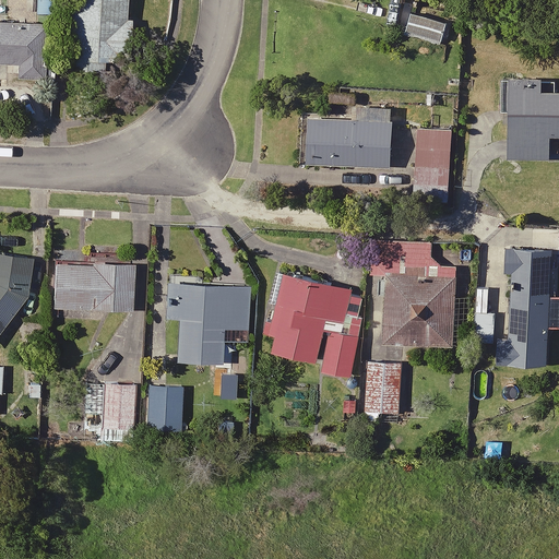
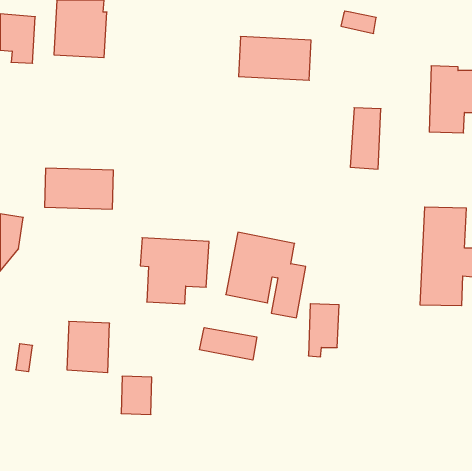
building: [307,117,392,168] -> [239,37,311,80]
building: [371,241,455,346] -> none
building: [52,261,133,309] -> [45,168,113,209]
building: [145,385,181,430] -> [121,376,152,414]
building: none -> [200,328,257,360]

